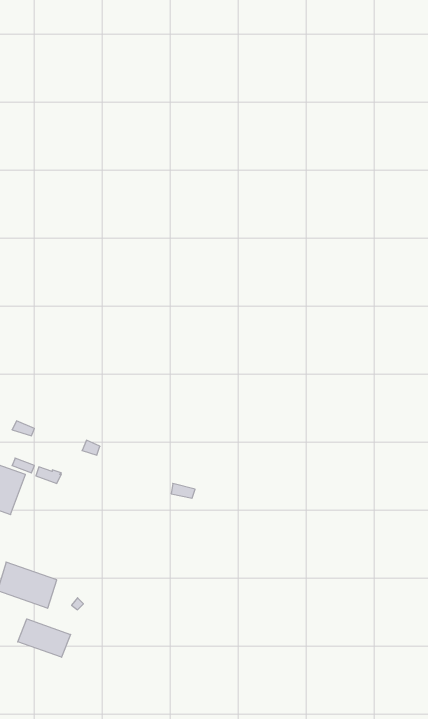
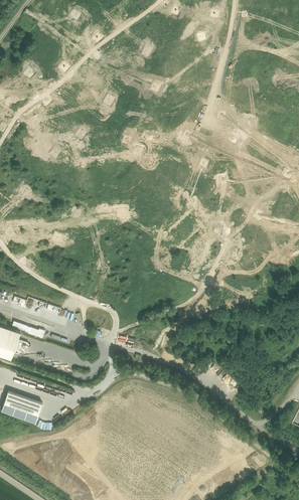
building: [18,619,71,657] -> none

